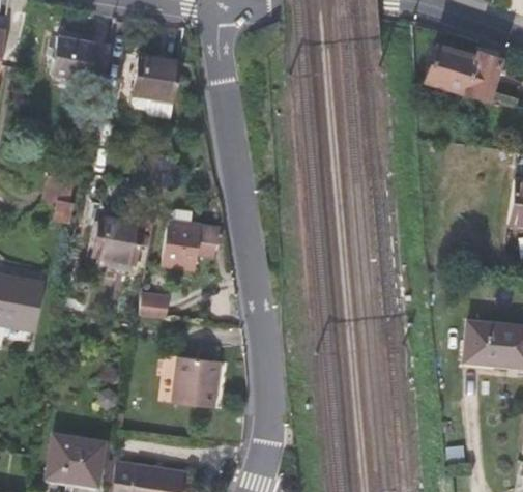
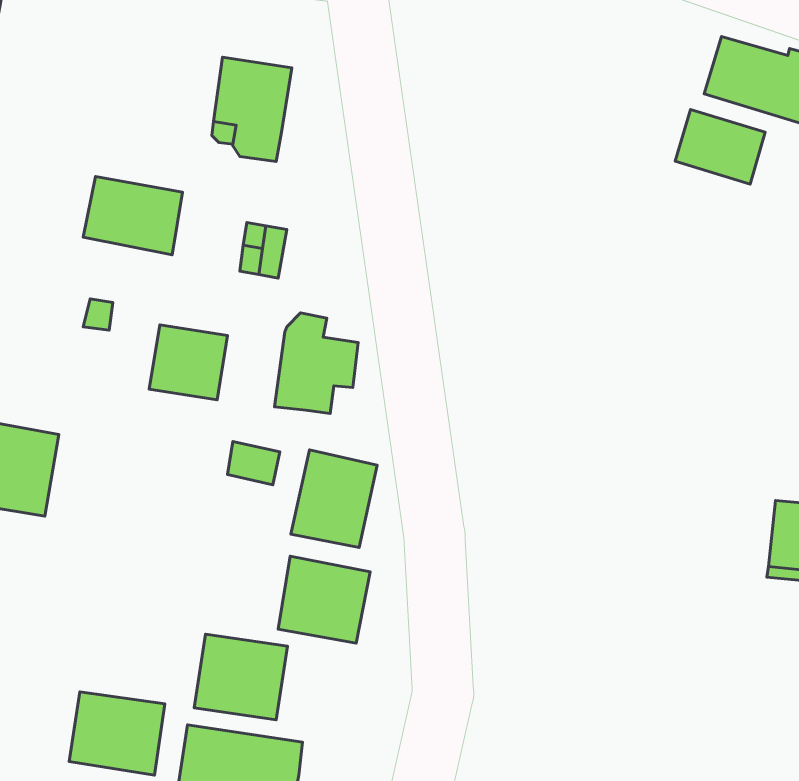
building: [49,37,108,84] -> [83,176,182,255]
building: none -> [675,109,765,184]
building: none -> [291,450,377,547]
building: none -> [194,634,287,720]

